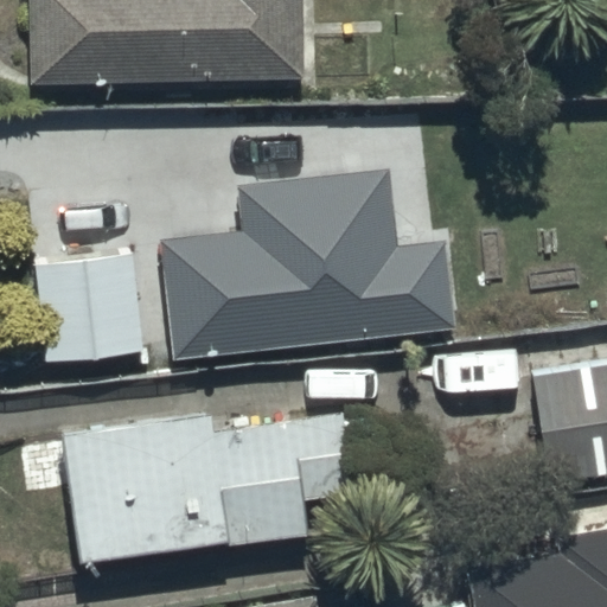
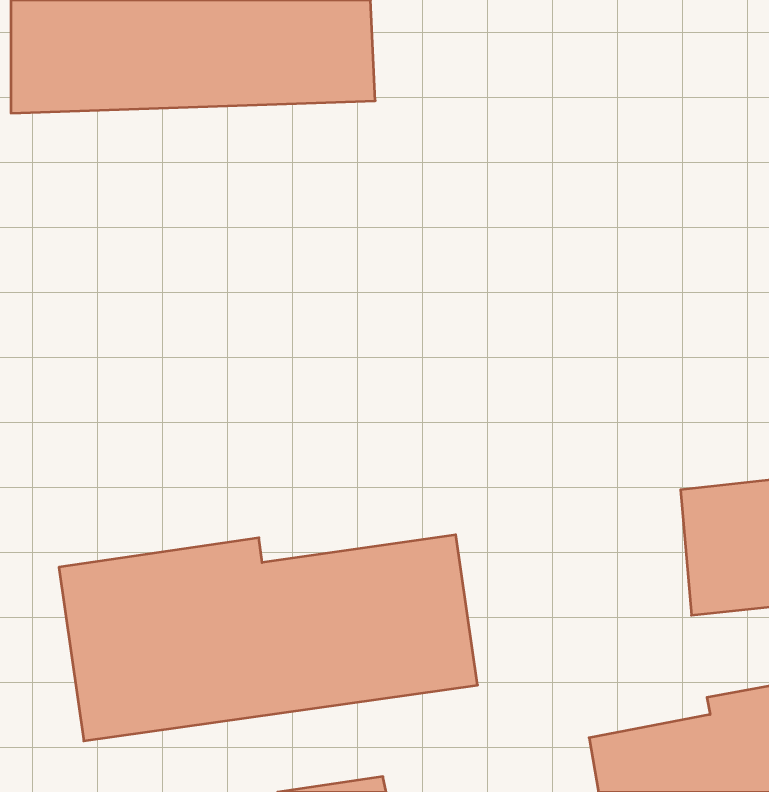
building: [187,200,439,347] -> none
building: [28,247,154,363] -> none

